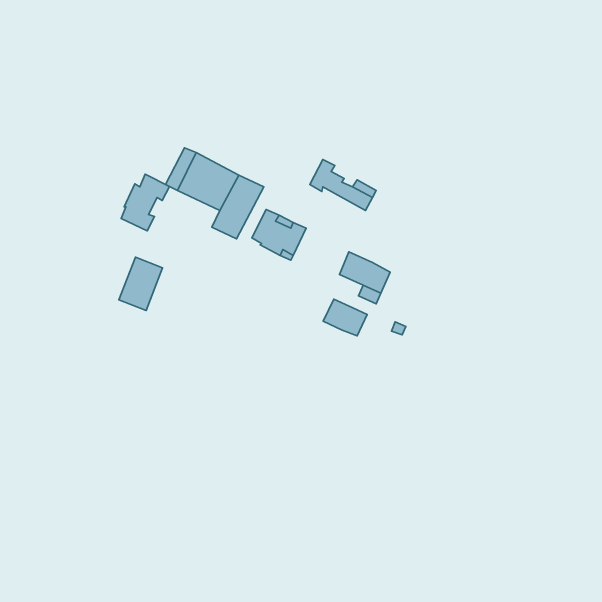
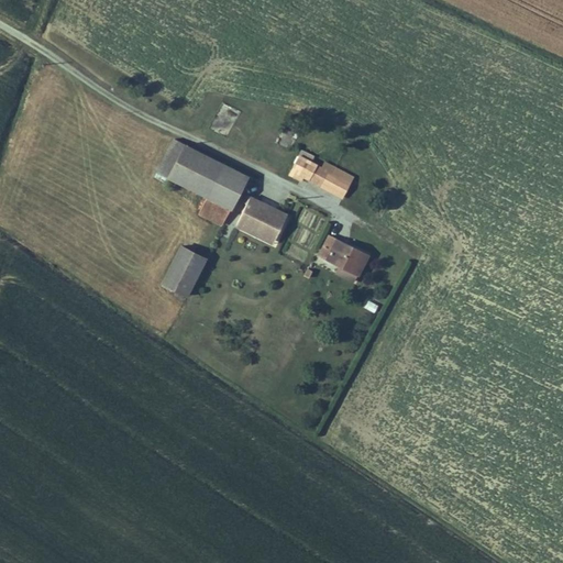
building: [121,174,169,231] -> none
building: [119,257,163,310] -> [165,246,206,296]
building: [323,299,367,336] -> none

